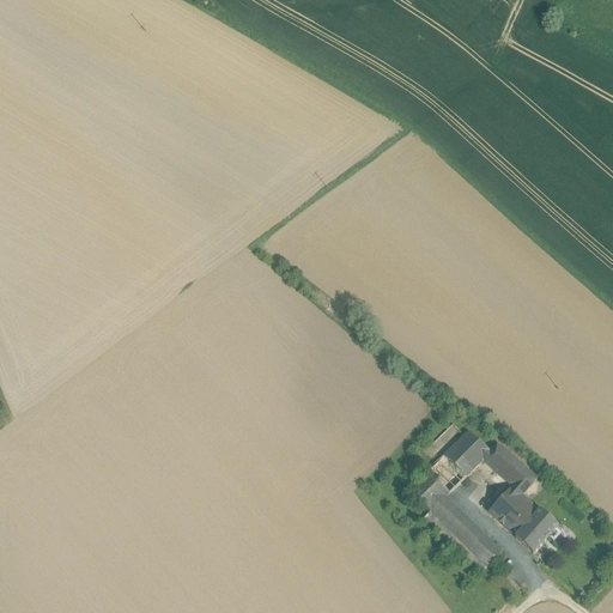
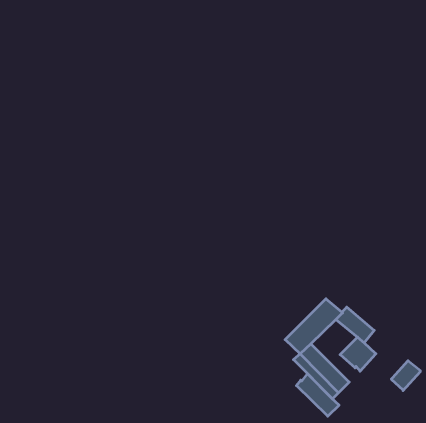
building: [516,508,558,551] -> [391,361,420,391]
building: none -> [296,374,339,416]

